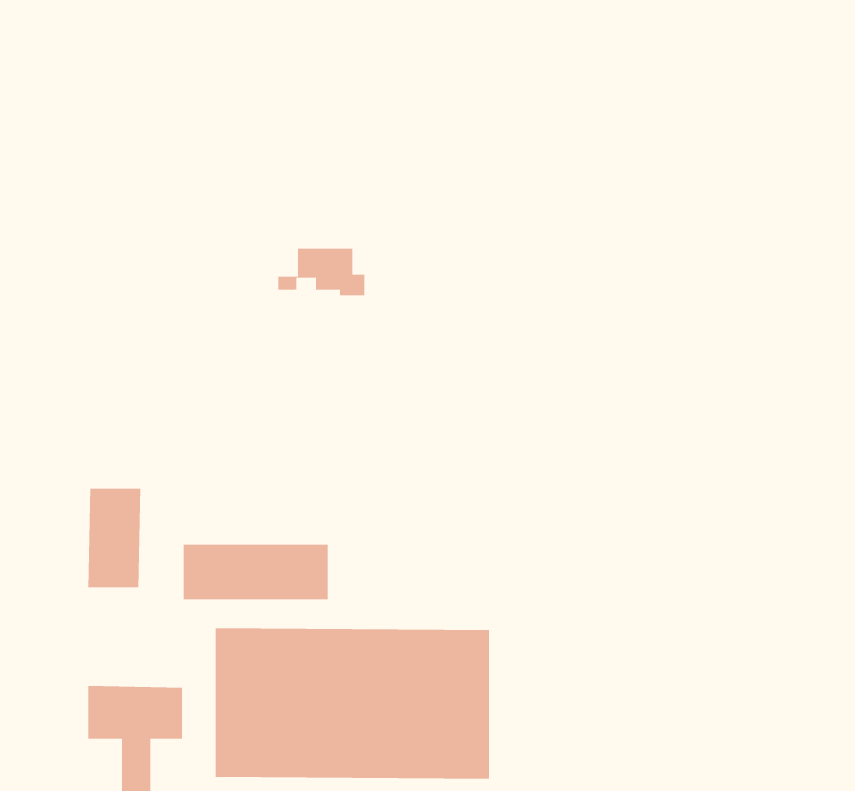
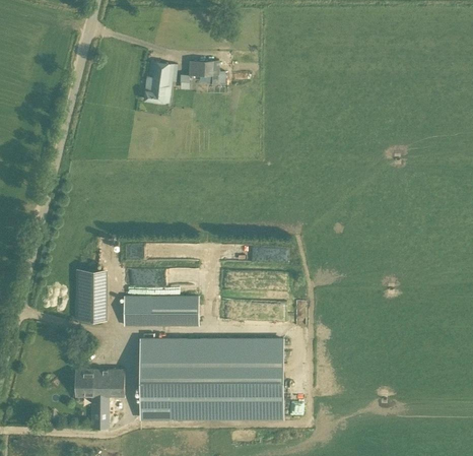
building: none -> [144,61,173,103]
building: [277,248,365,296] -> [180,60,224,84]

